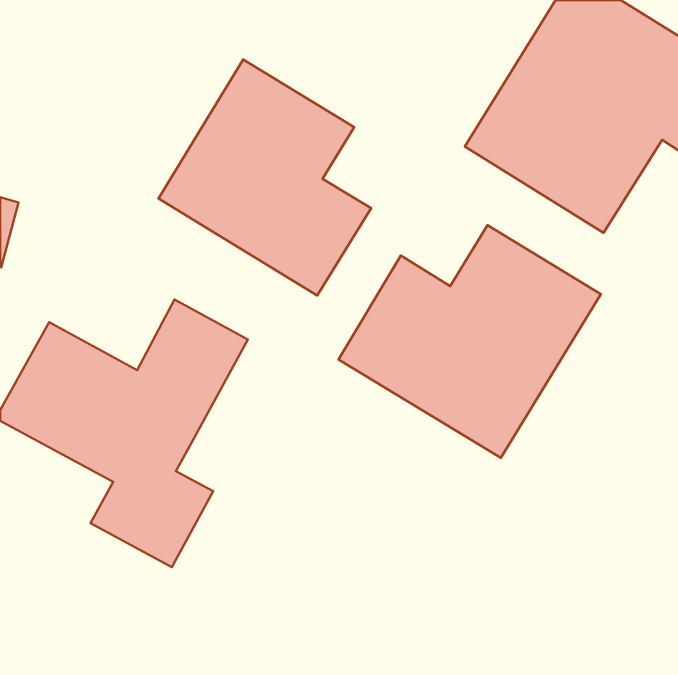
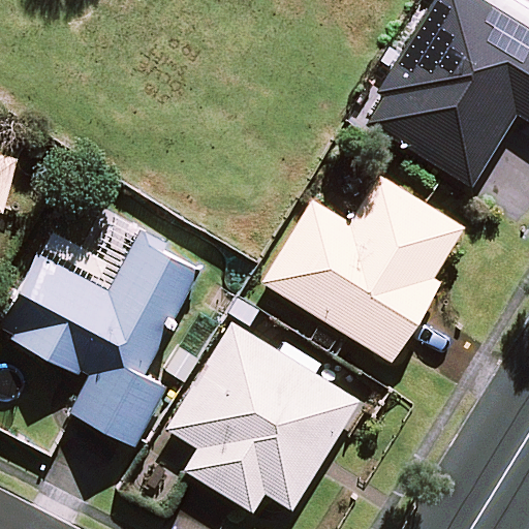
building: [159,60,371,296] -> none
building: none -> [169,292,359,511]

